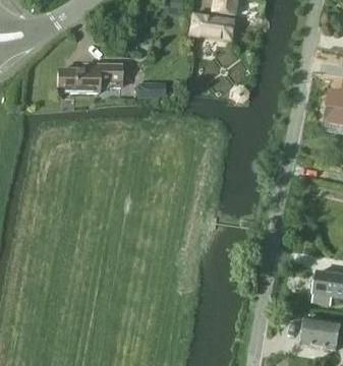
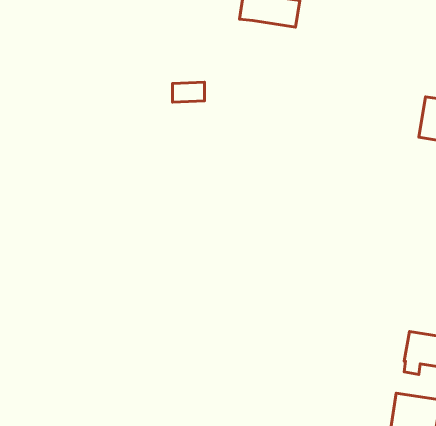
building: [57,62,120,91] -> none

